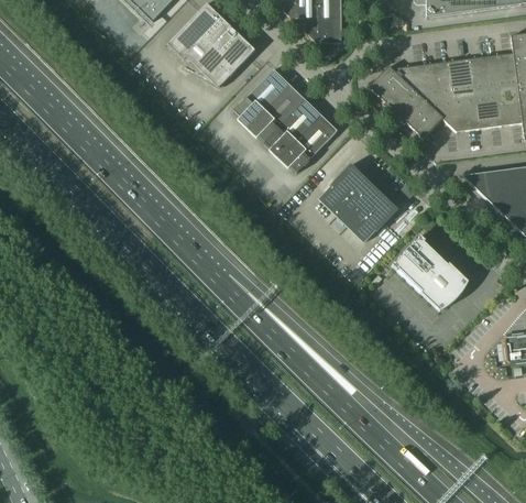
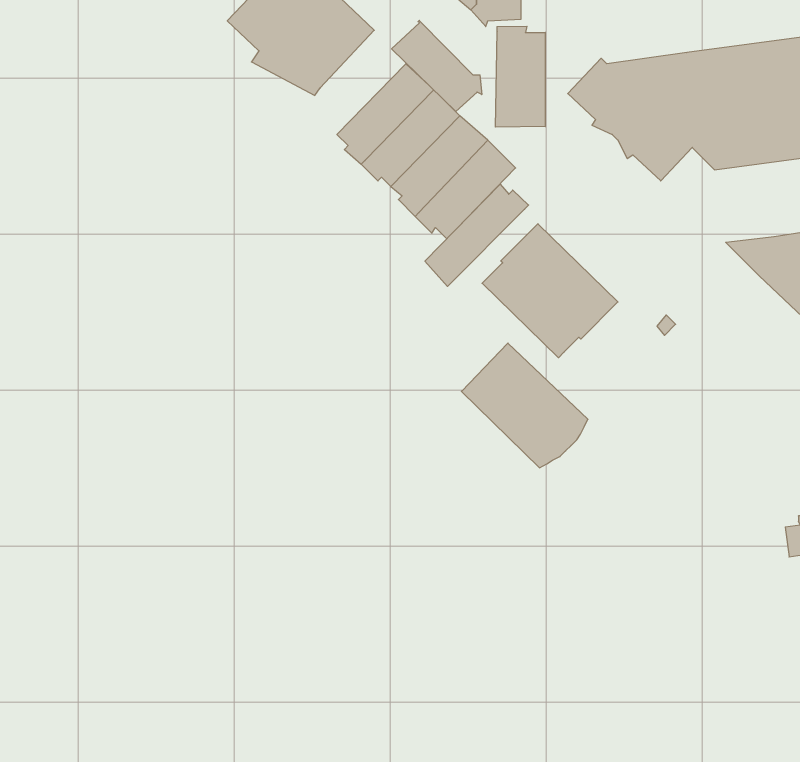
building: none -> [392,20,482,111]
building: none -> [496,26,545,127]
building: none -> [425,184,529,286]
building: [394,236,469,309] -> [461,343,588,468]

